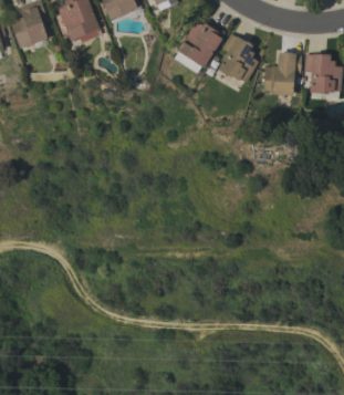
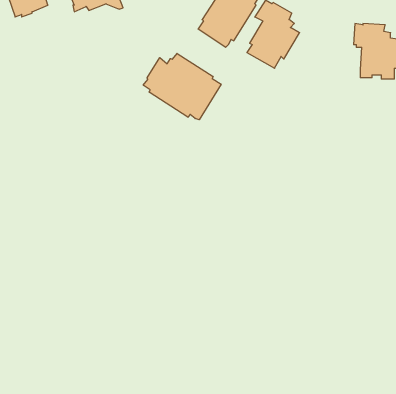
building: [263,51,301,95] -> none
building: none -> [143,53,221,120]

